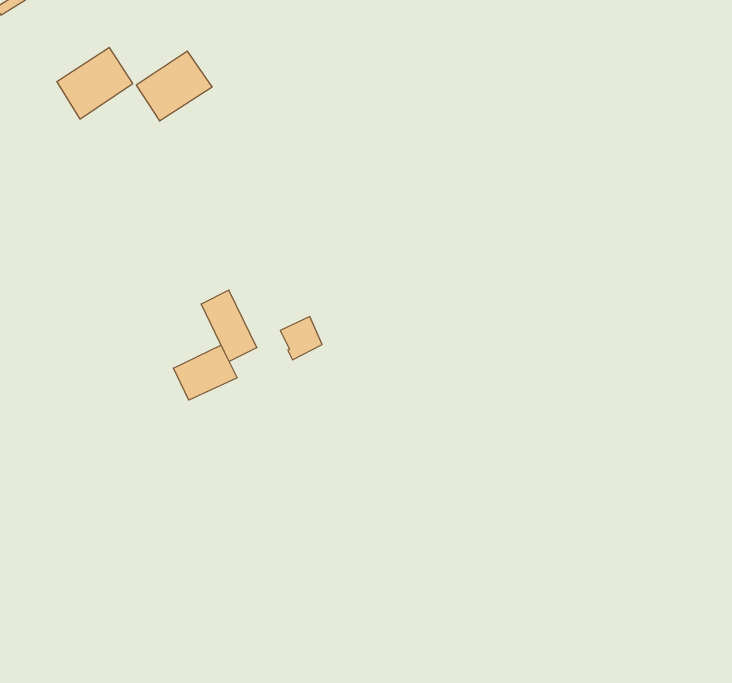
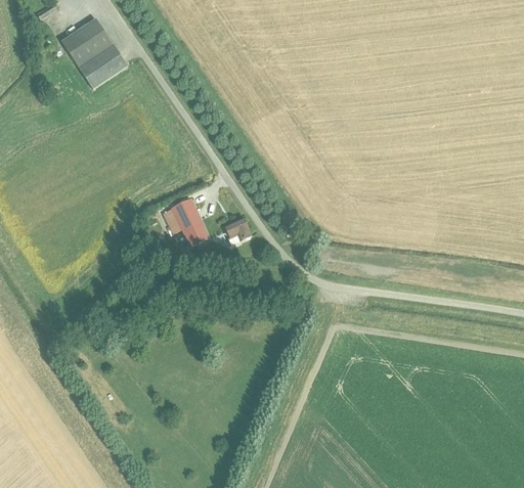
building: [136,51,212,121] -> [60,16,111,62]
building: [173,345,237,400] -> none

